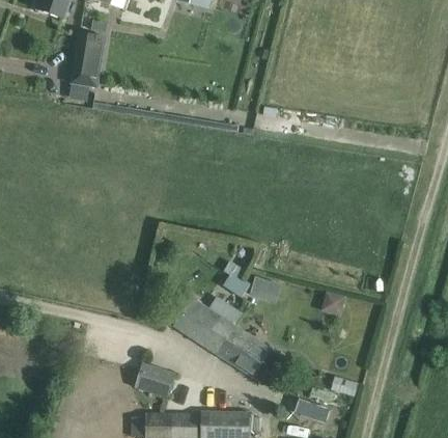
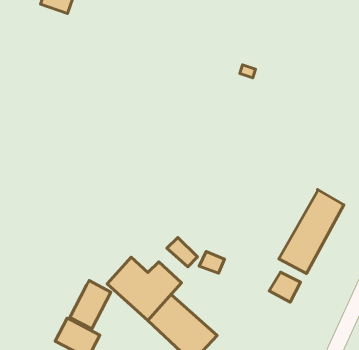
building: none -> [279,189,344,274]
building: none -> [70,281,111,329]

